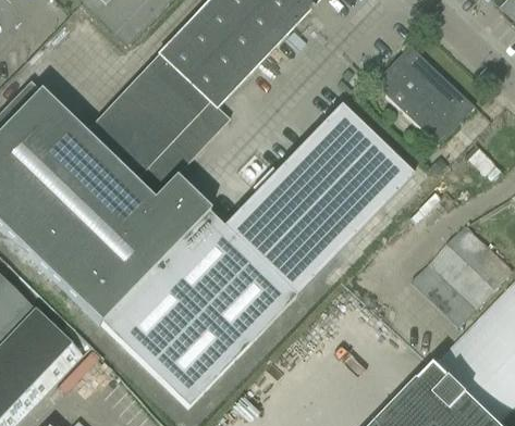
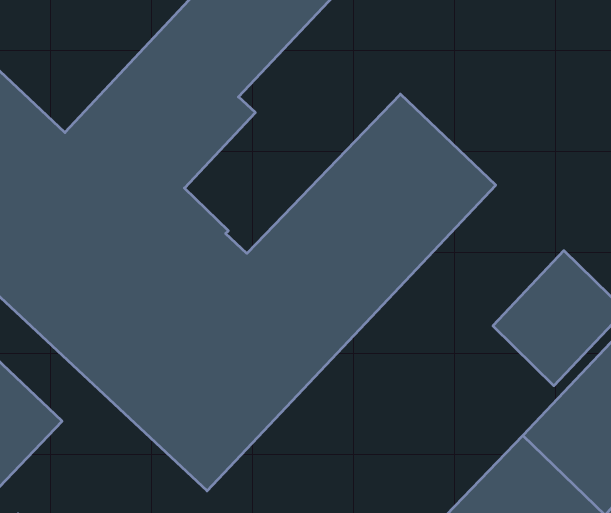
building: [372,45,474,145] -> none

